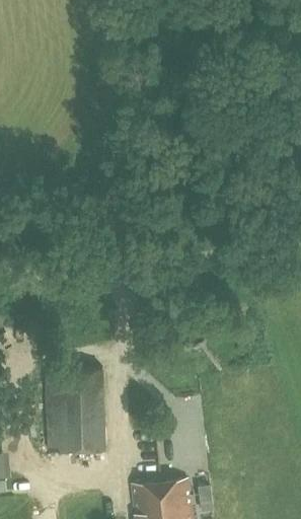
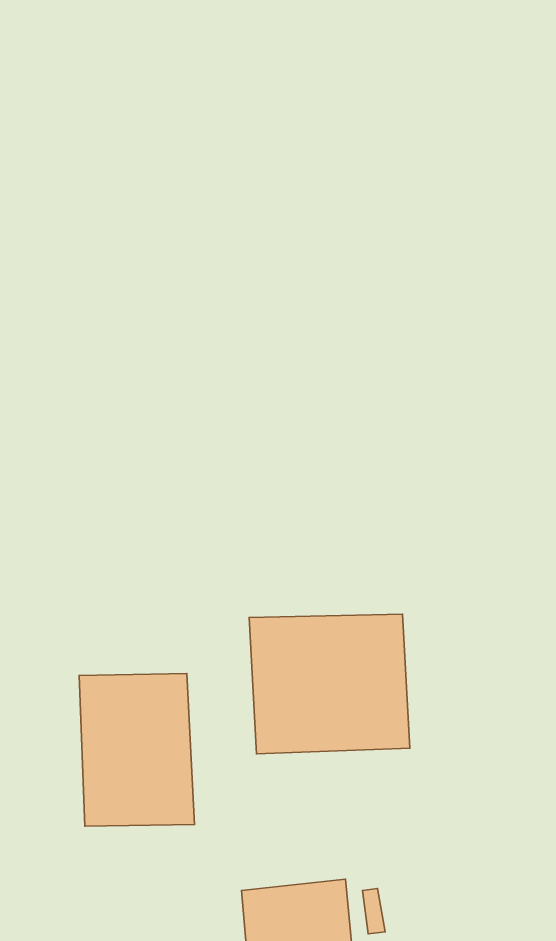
building: none -> [249,614,410,754]

